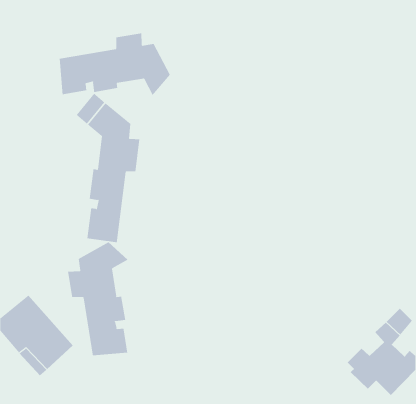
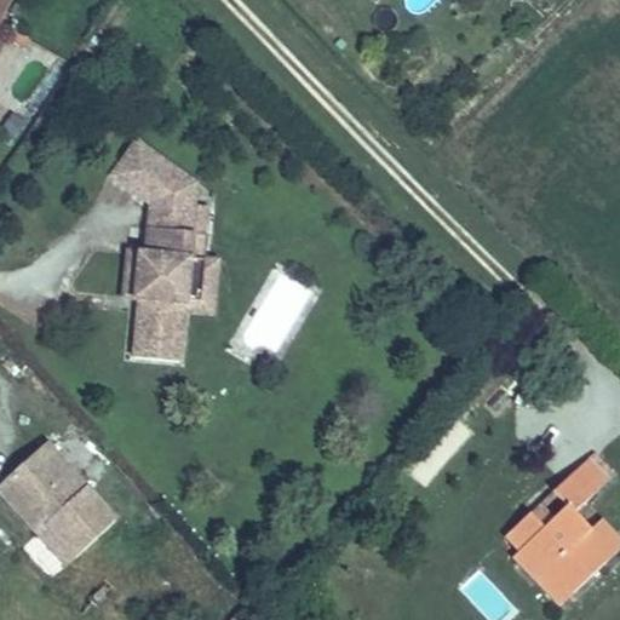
building: [59,32,170,96] -> none
building: [68,242,129,356] -> none

